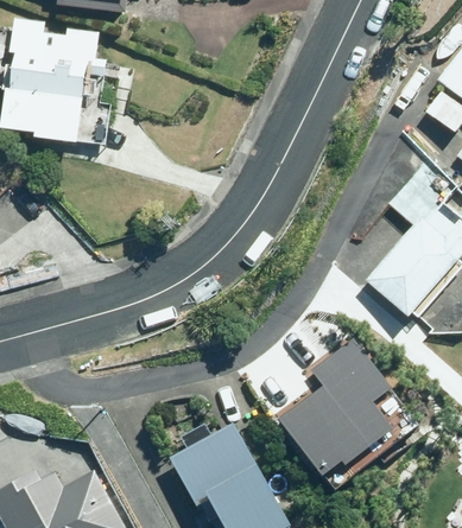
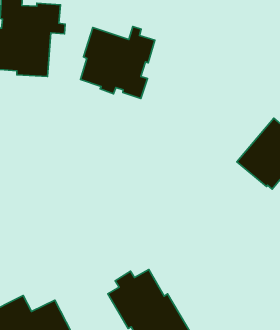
building: none -> [80,26,155,99]
building: [272,327,416,482] -> none

